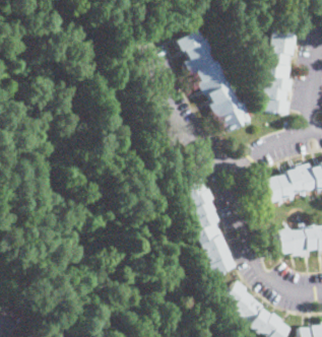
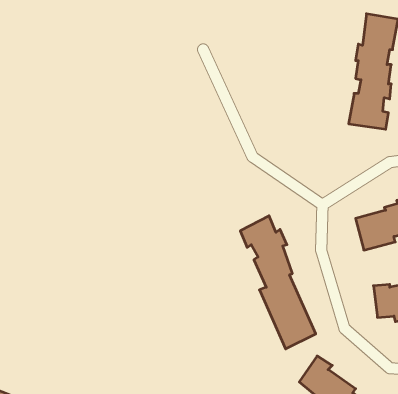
building: [177,28,253,133] -> none

